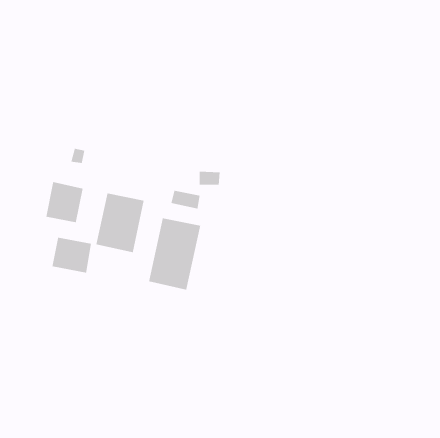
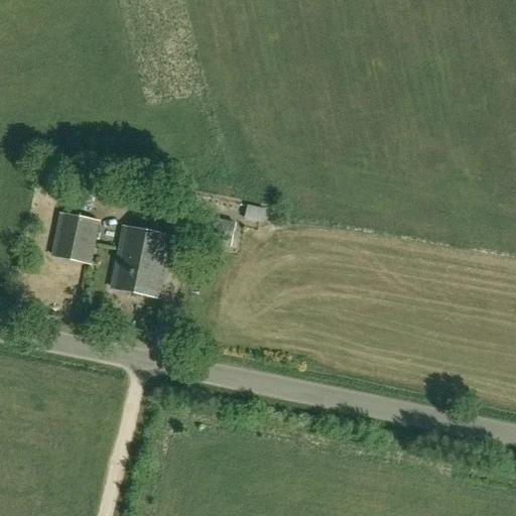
building: [148,218,201,291] -> none
building: [52,237,92,274] -> none

